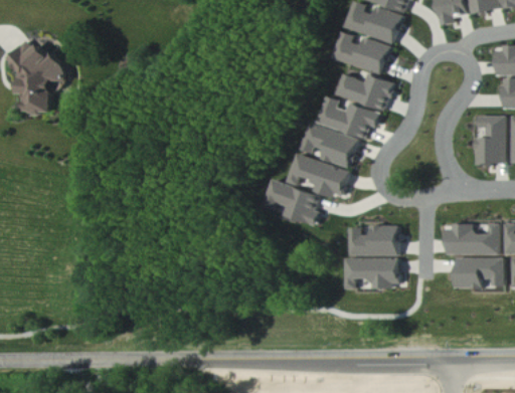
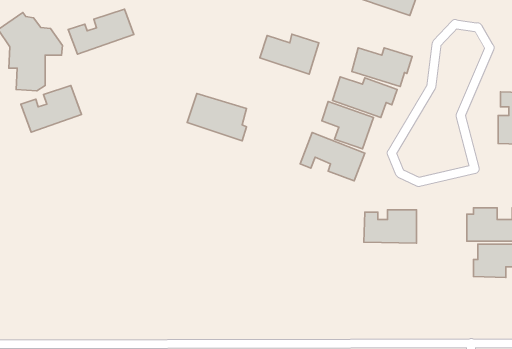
building: [334,36,389,73] -> [260,34,319,74]
building: none -> [68,9,134,54]
building: none -> [21,85,82,132]
building: [265,180,320,224] -> [187,94,246,141]
building: [343,257,397,288] -> none

